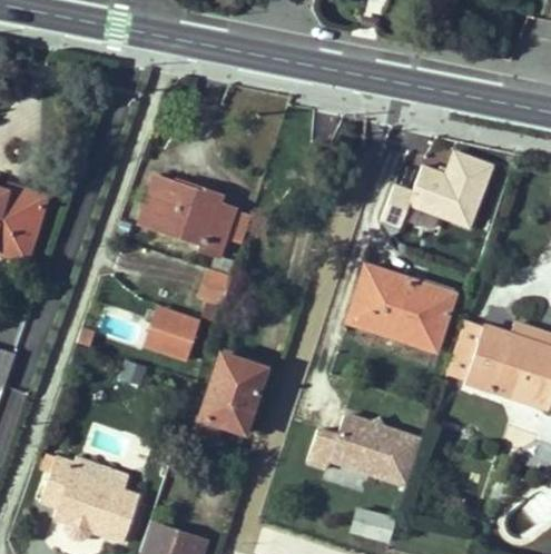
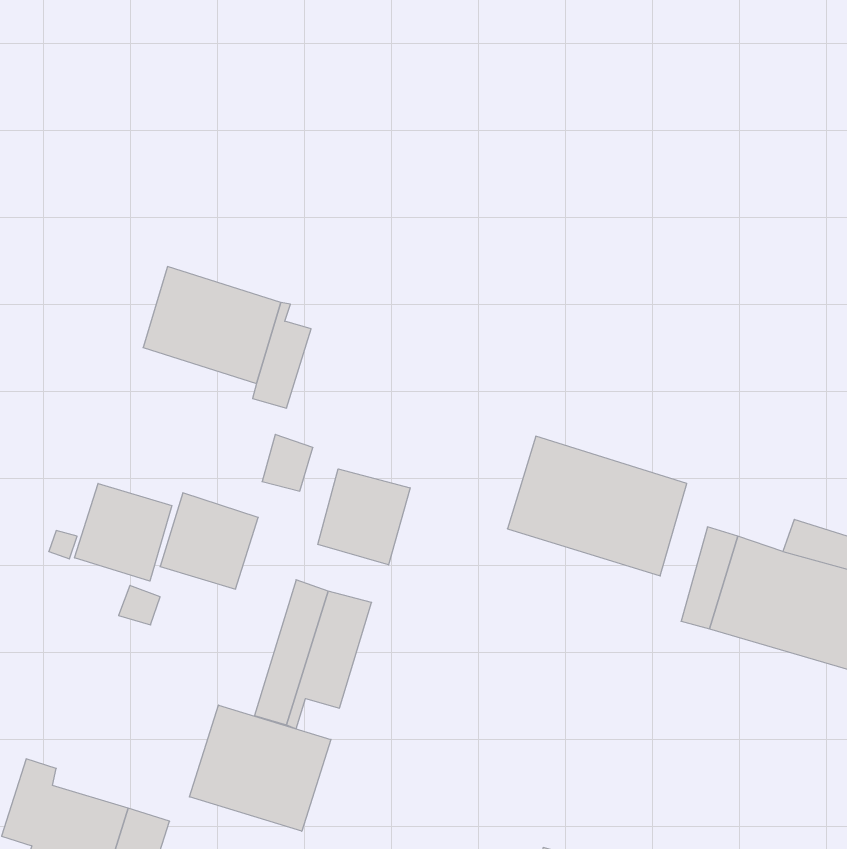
building: [381,149,491,224] -> none
building: none -> [318,469,410,565]
building: none -> [75,483,172,581]
building: [306,412,421,482] -> none
building: none -> [189,705,331,831]

